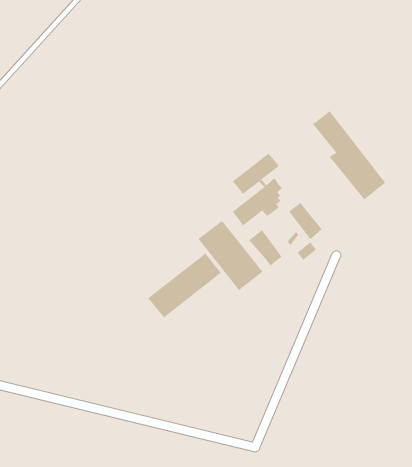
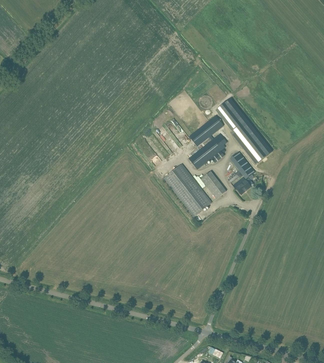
building: [312,110,386,201] -> [218,98,272,164]
building: [147,252,222,319] -> none

